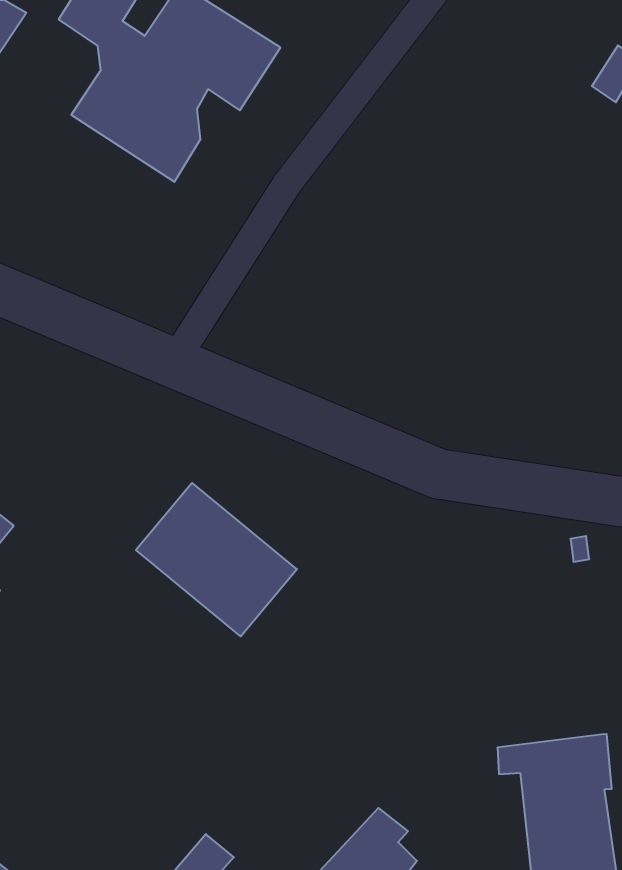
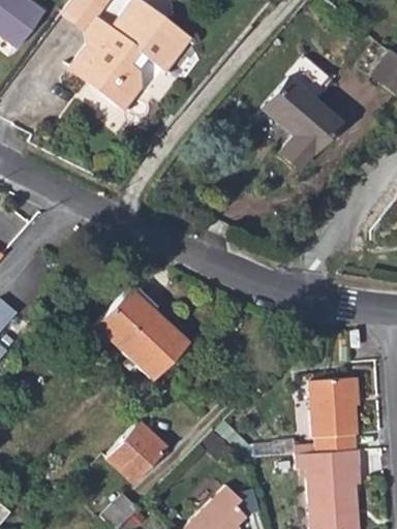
building: none -> [255,81,333,173]
building: none -> [295,377,358,453]
building: none -> [106,424,163,481]

